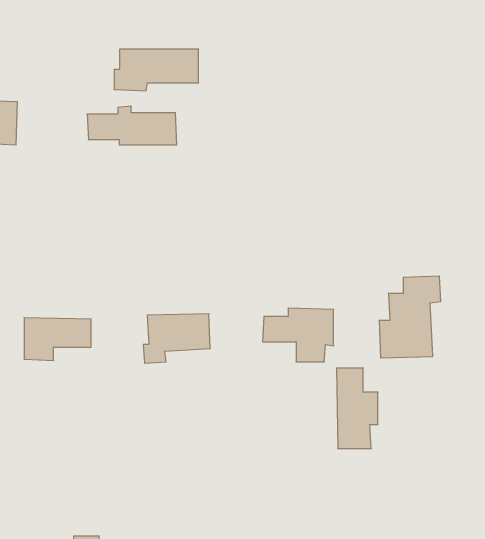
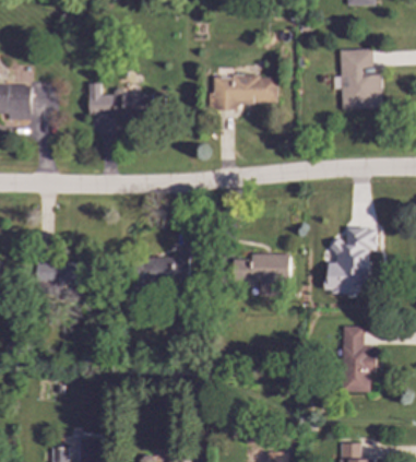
building: [114,49,199,91] -> [209,75,277,109]
building: none -> [340,48,381,108]
building: [336,368,378,449] -> [342,325,376,391]

